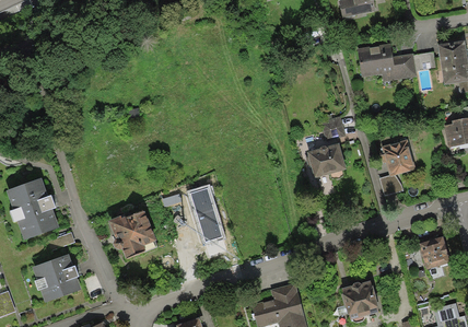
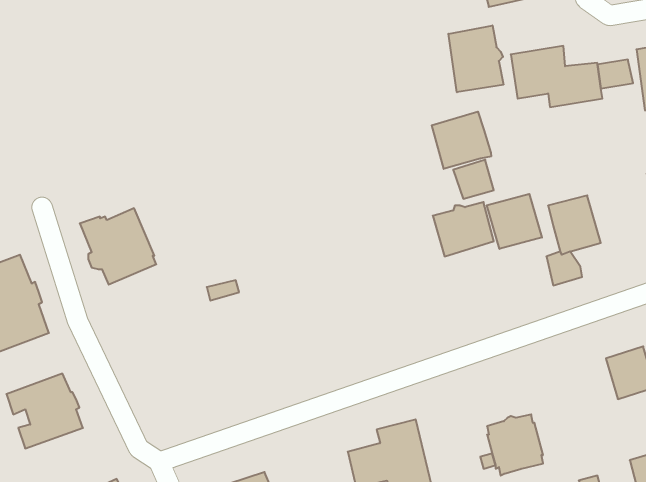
building: none -> [448,25,503,92]
building: none -> [432,112,491,169]
building: none -> [487,194,542,249]
building: [189,188,221,242] -> none
building: [107,210,156,259] -> [80,208,156,285]

